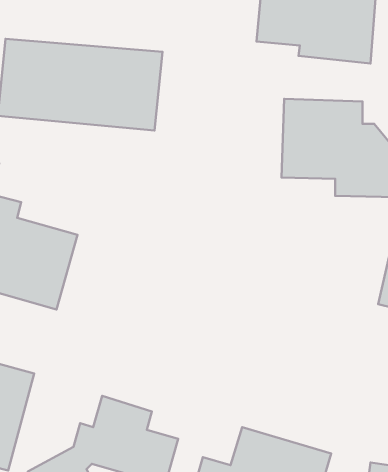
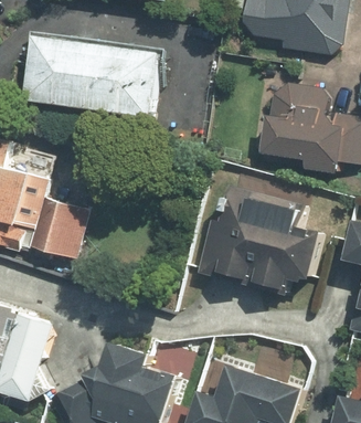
building: none -> [195,181,327,299]

